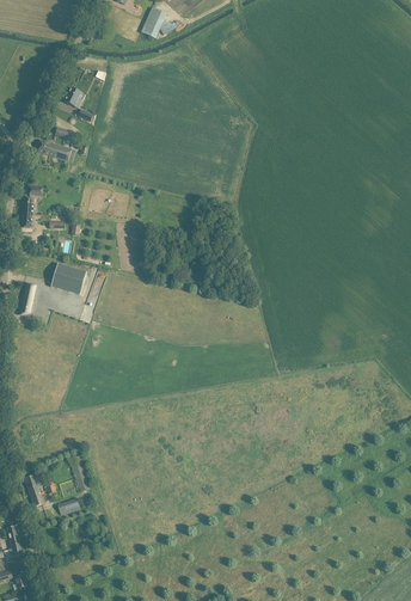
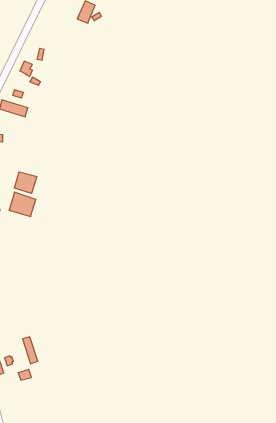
building: none -> [15,172,37,193]

